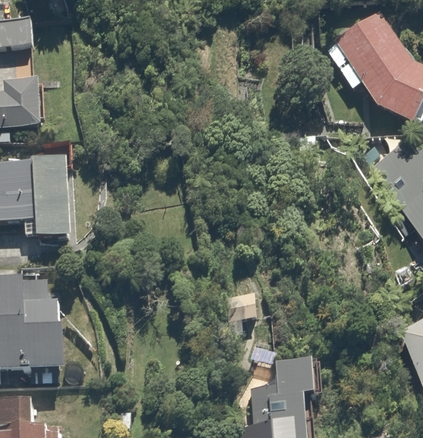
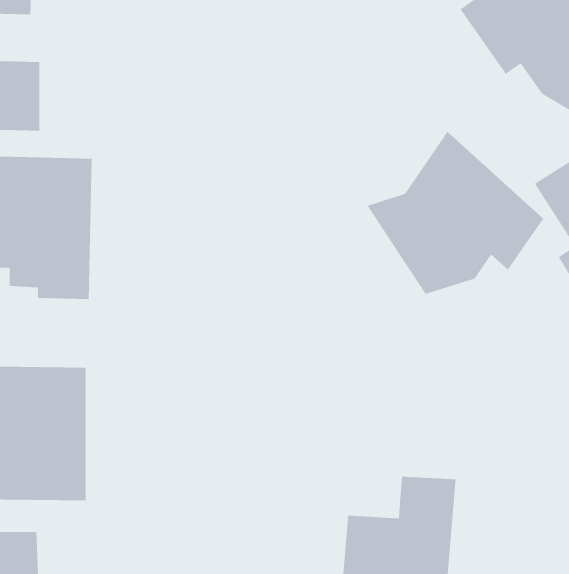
building: none -> [367,131,544,295]

